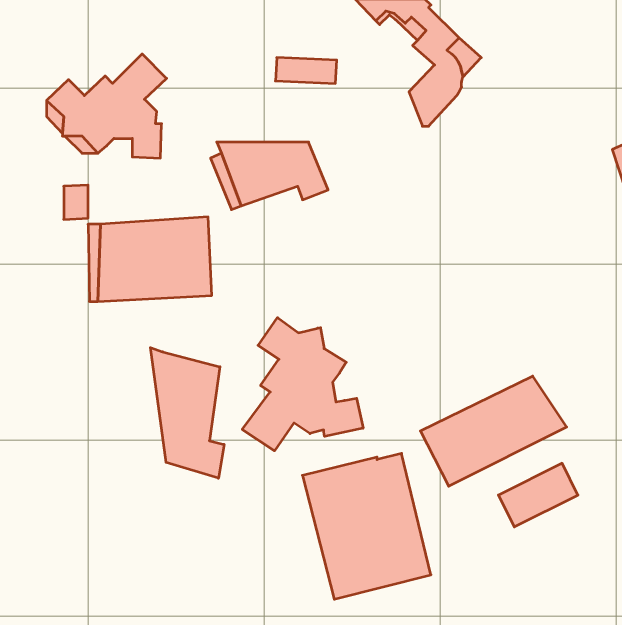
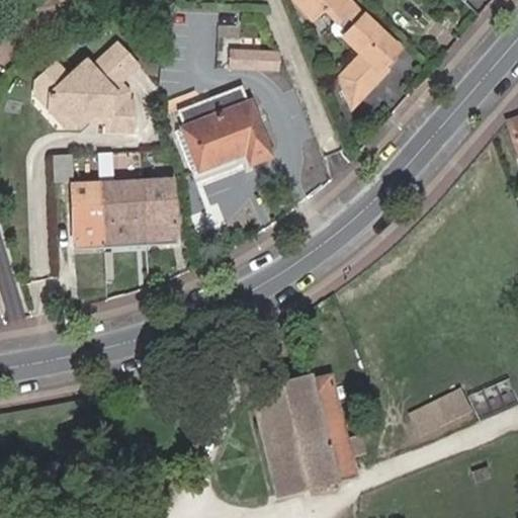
building: none -> [180,87,258,117]
building: [242,318,363,451] -> none
building: [150,348,224,478] -> none
building: [420,376,567,486] -> none

